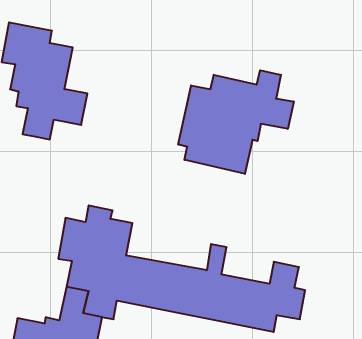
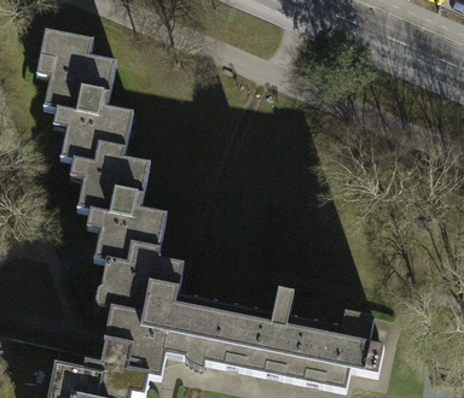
building: [178,70,294,174] -> none
building: none -> [69,144,168,262]

